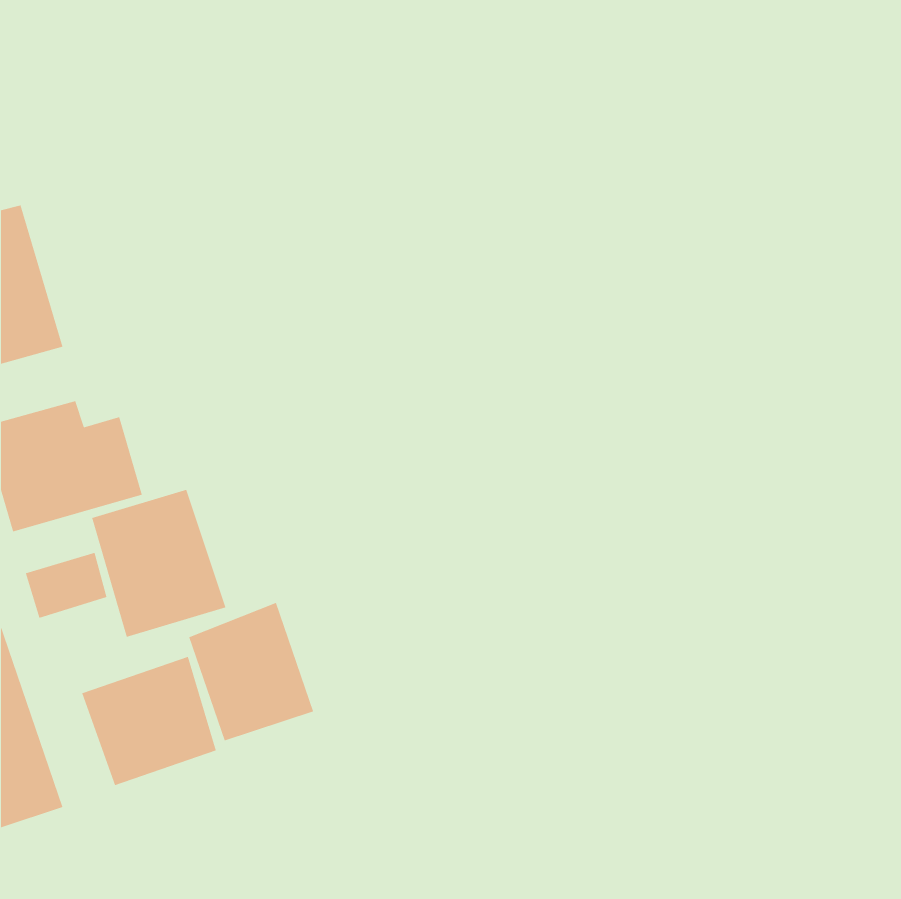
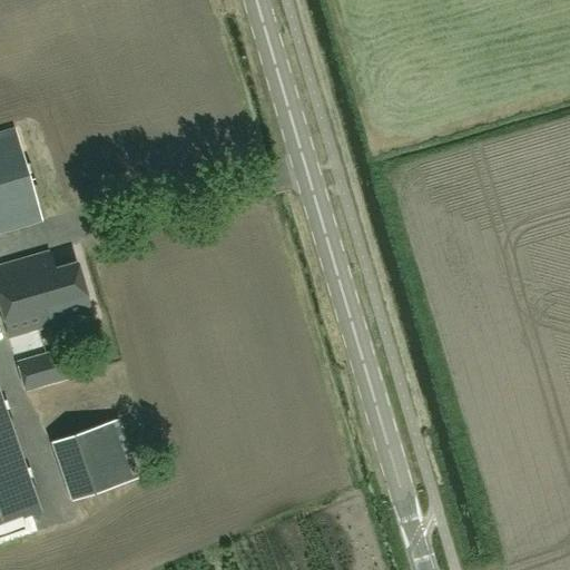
building: [91,489,227,638] -> none
building: [188,602,314,741] -> none

